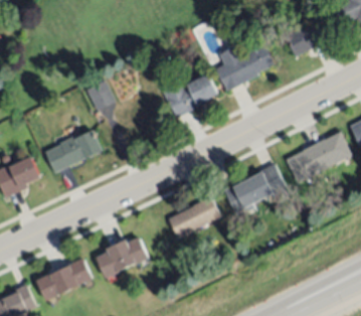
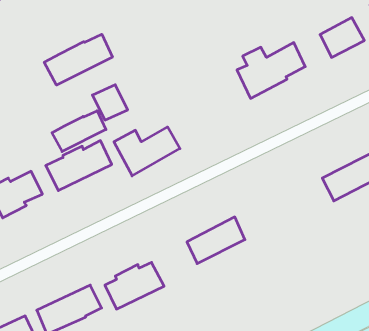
building: none -> [44,34,112,85]
building: [161,74,219,118] -> [114,127,180,176]
building: none -> [52,111,106,152]
building: [223,164,288,215] -> none

